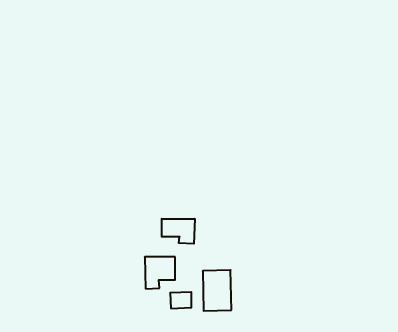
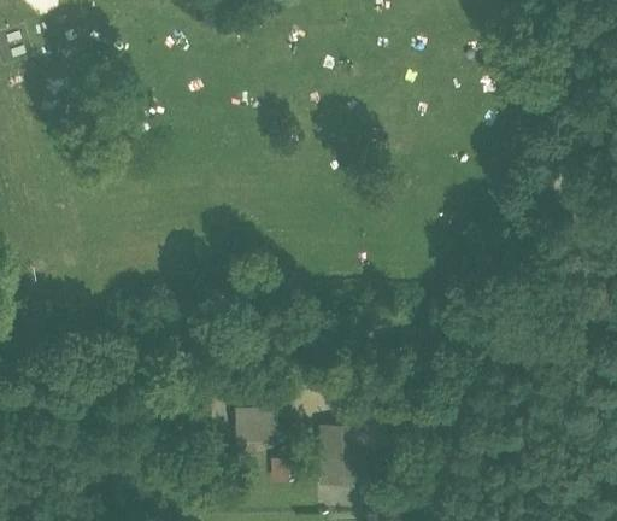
building: [162,219,195,244] -> none

